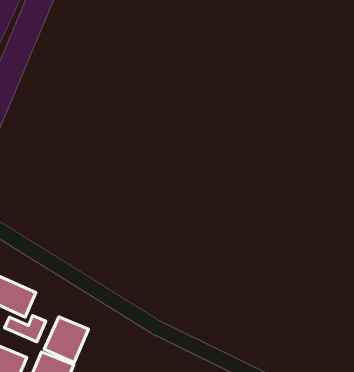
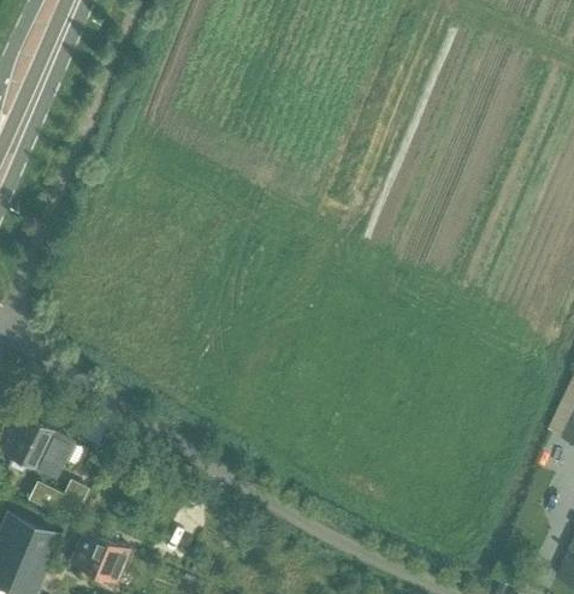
building: [44,317,88,363] -> none

